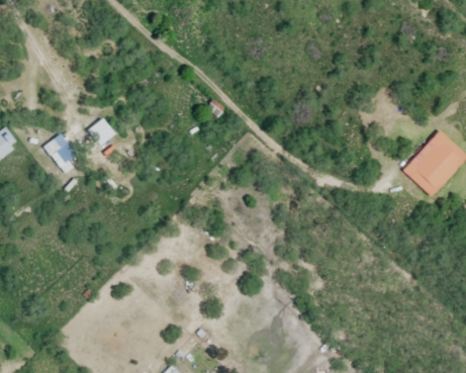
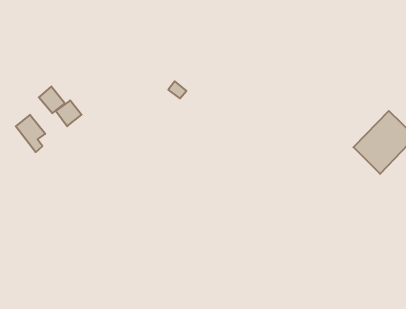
building: none -> [39,86,65,113]

